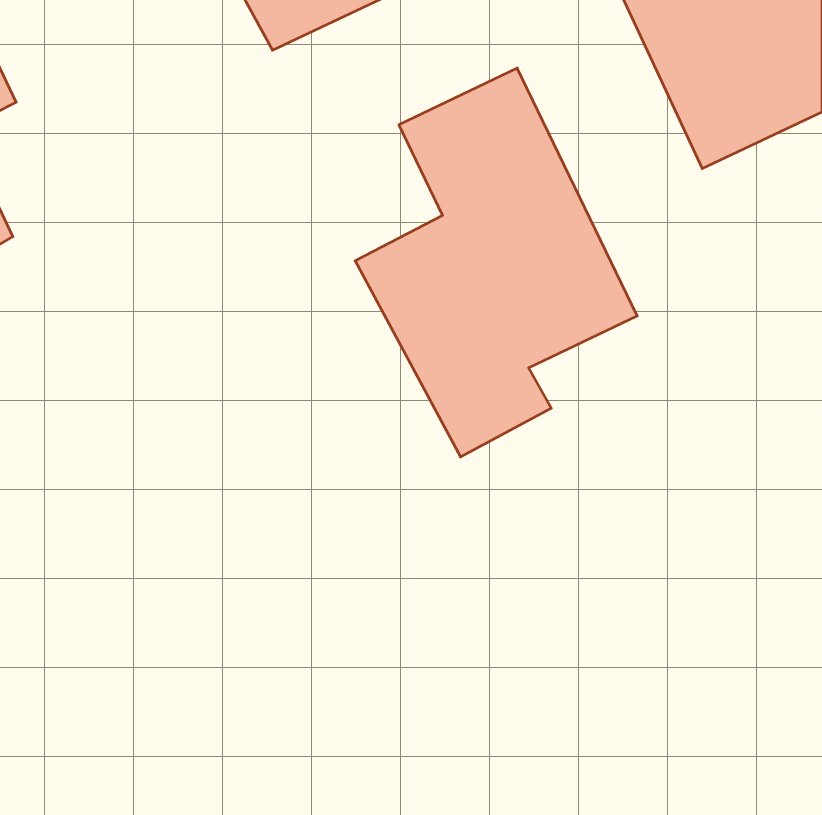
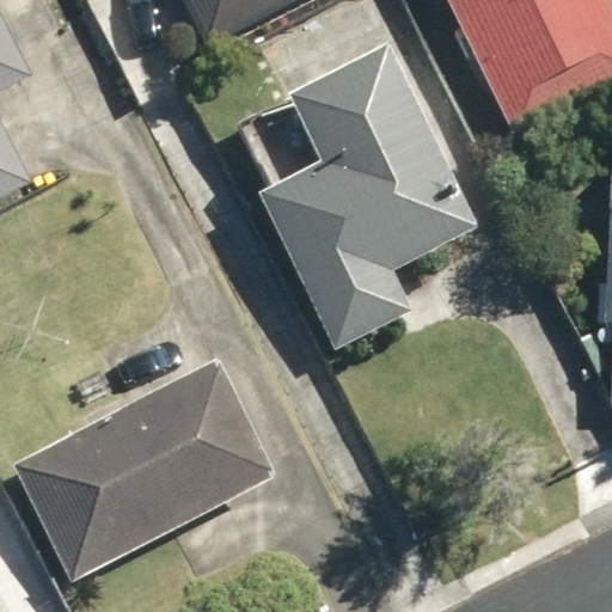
building: none -> [25,369,257,568]

